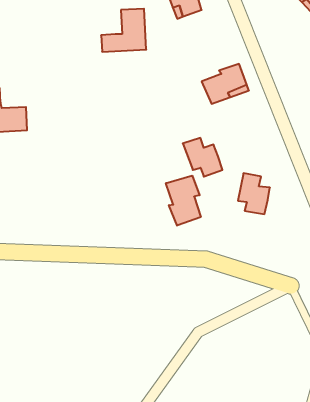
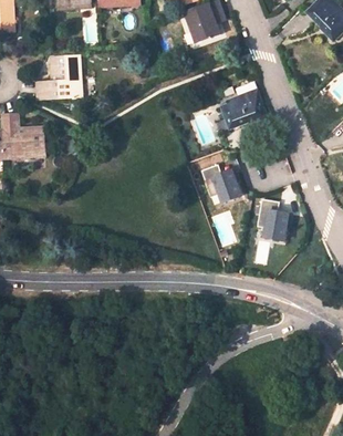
building: [101,9,146,52] -> [37,55,82,98]
building: [166,176,201,226] -> none

